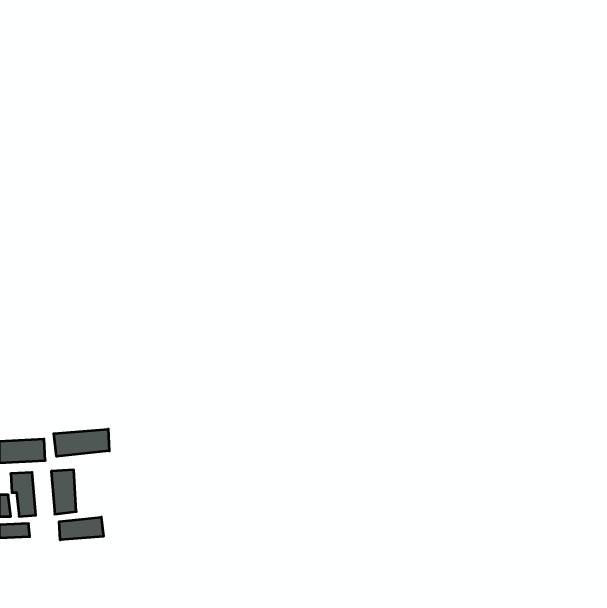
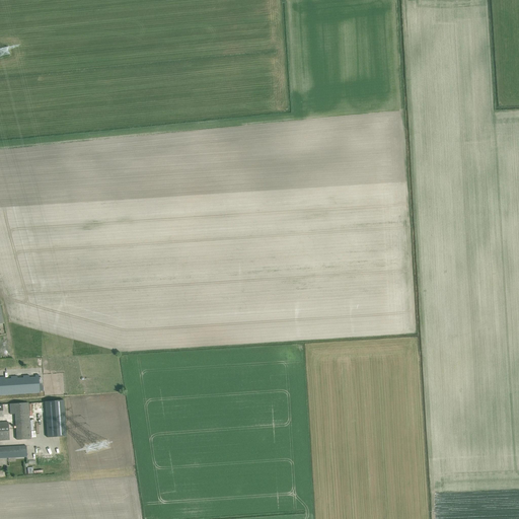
building: [54,429,109,456] -> none
building: [59,517,103,540] -> none

